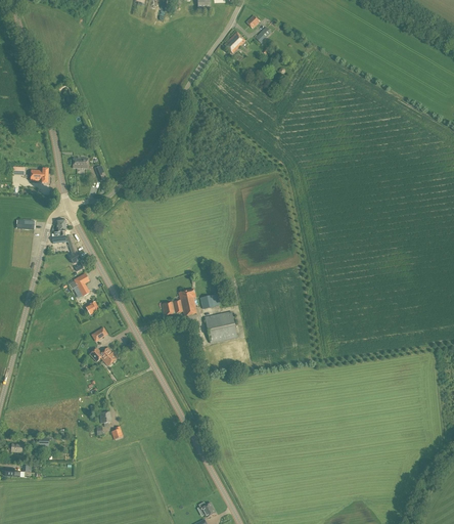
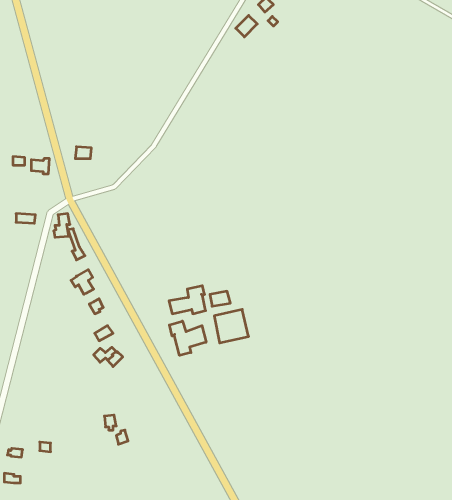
building: none -> [169,321,206,355]

